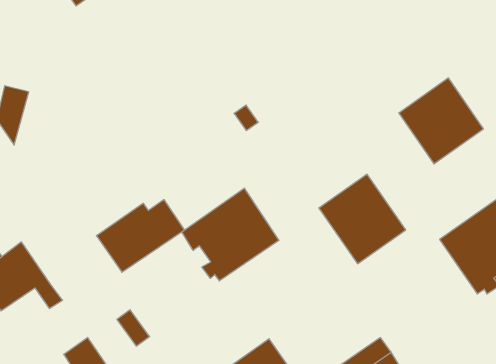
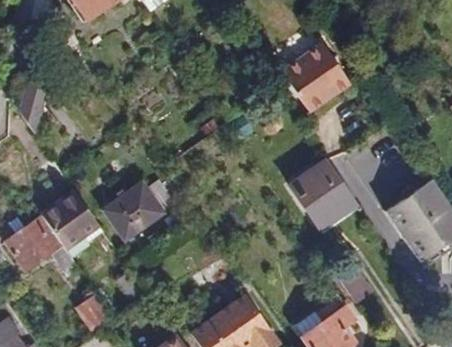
building: [399,78,483,164] -> [281,41,351,112]
building: [182,188,279,281] -> none
building: none -> [41,191,100,249]

